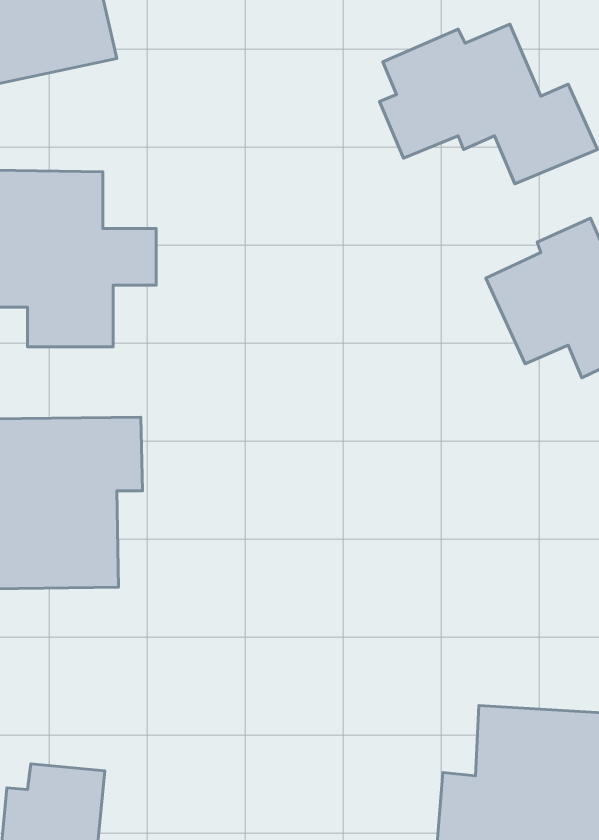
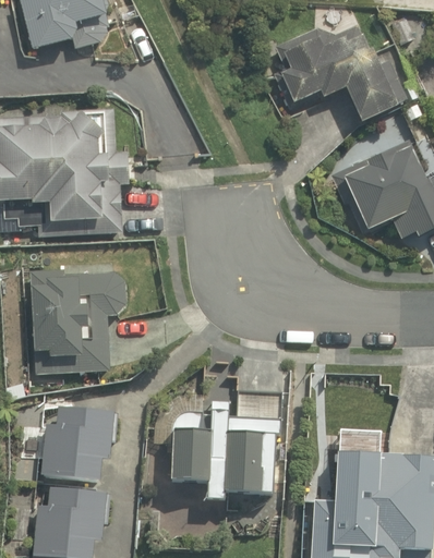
building: none -> [170,398,278,499]
building: none -> [41,405,118,481]

